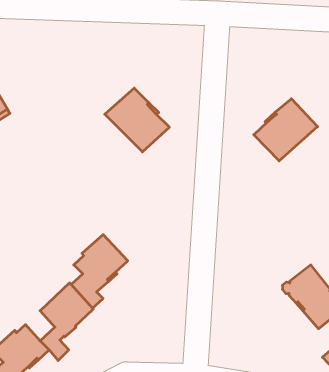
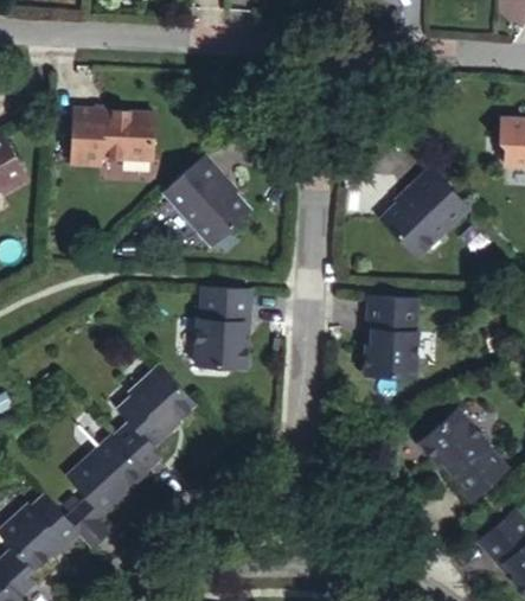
building: none -> [71,106,152,165]
building: none -> [197,282,251,366]
building: none -> [366,295,422,377]

